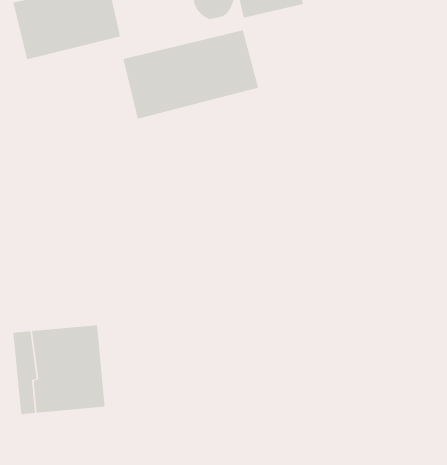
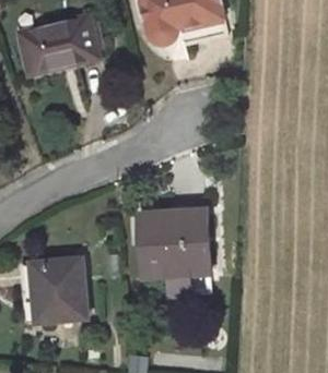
building: [123,29,259,119] -> none
building: none -> [139,210,210,276]

